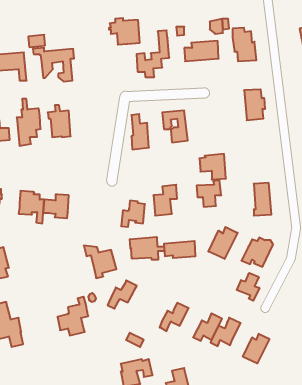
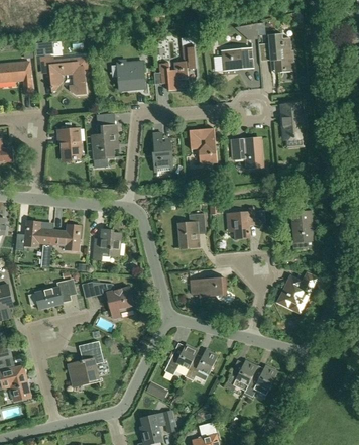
building: [109,18,140,45] -> [109,60,144,90]
building: [17,99,41,146] -> [91,114,118,168]
building: [199,154,226,180] -> [232,138,262,168]
building: [121,201,145,227] -> [93,230,120,260]
building: [208,227,238,259] -> none
building: [130,237,164,260] -> none
building: none -> [35,281,71,310]
building: [237,273,259,301] -> none
building: [108,280,137,309] -> [164,343,198,375]
building: [243,334,269,363] -> none

